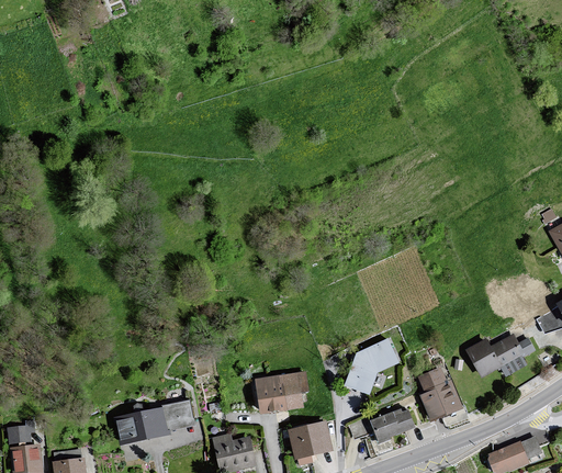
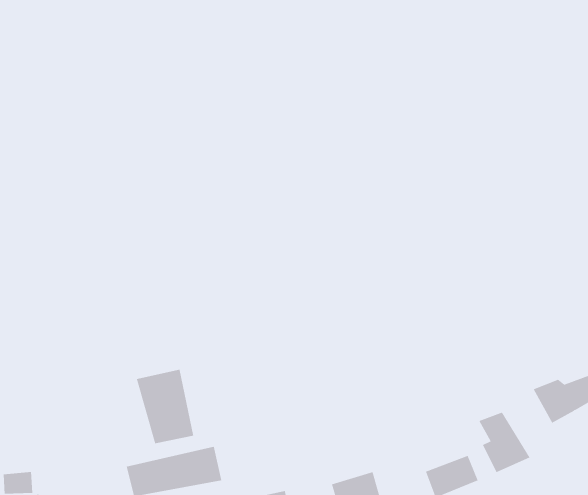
building: none -> [136,369,194,444]
building: [346,338,400,393] -> none
building: [252,371,311,414] -> none

